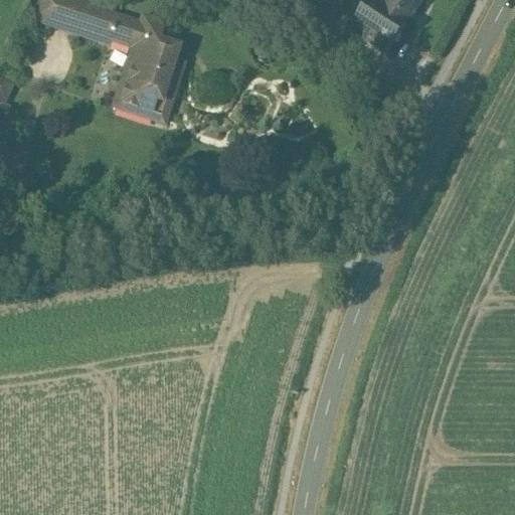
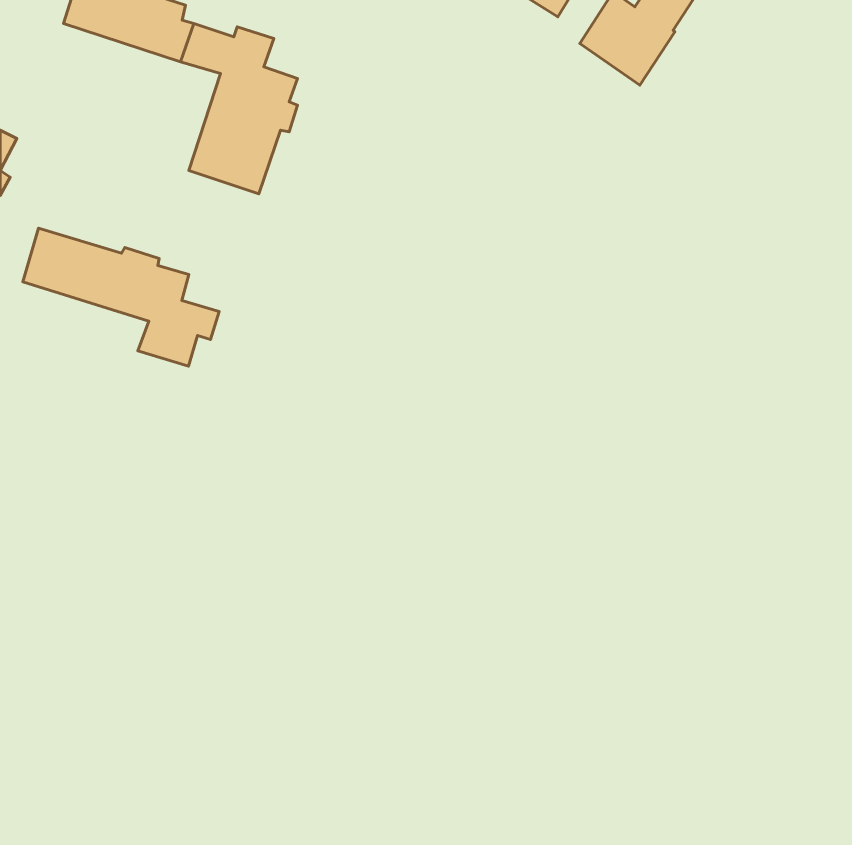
building: none -> [23,228,219,366]

